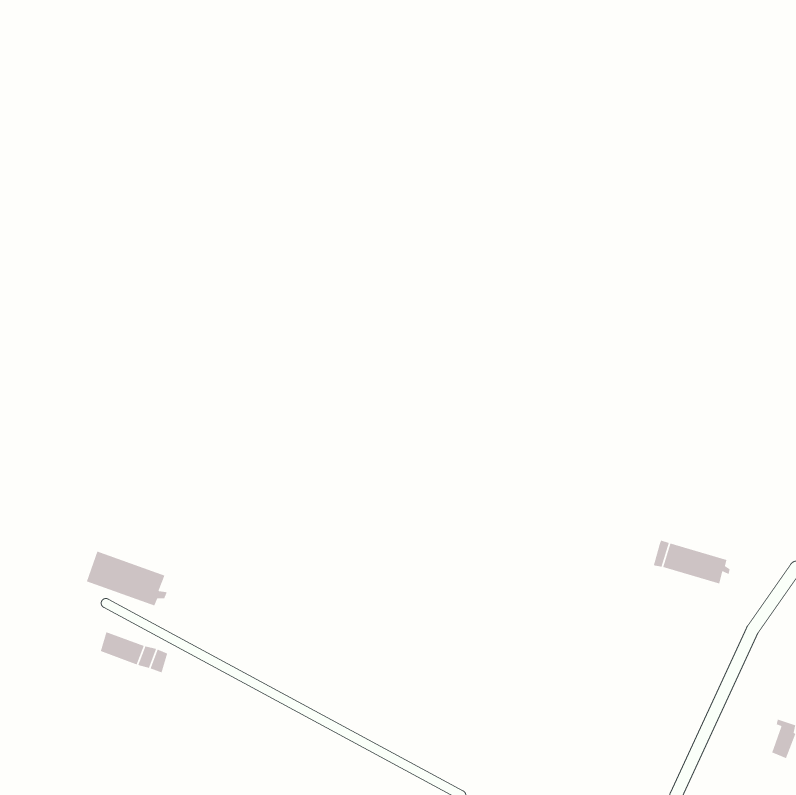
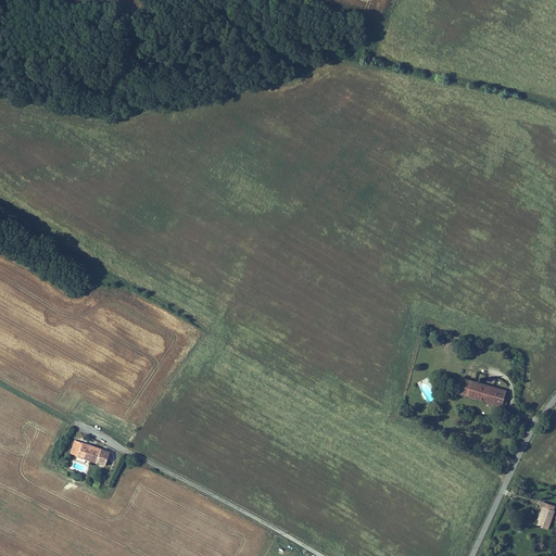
building: [86,550,168,607] -> none

